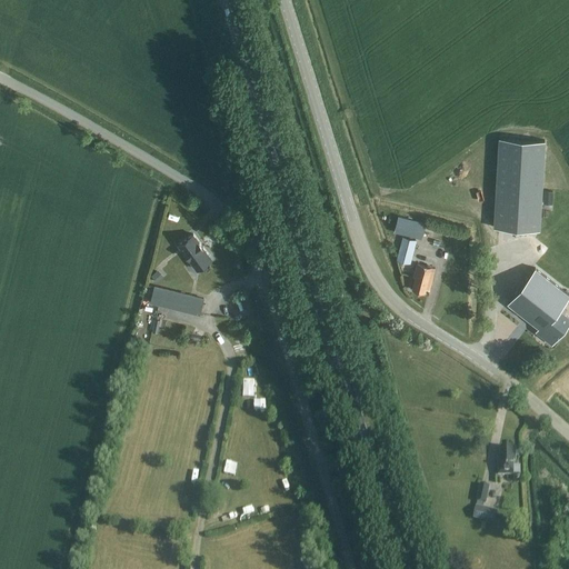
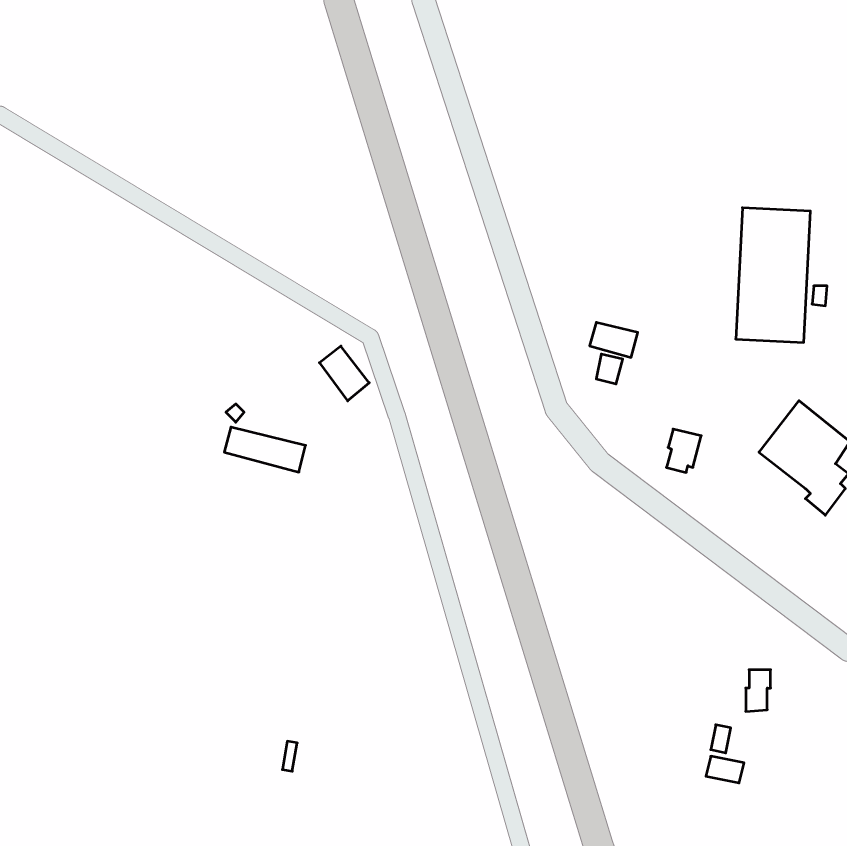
building: [180,236,213,272] -> [319,346,369,401]
building: [413,266,437,295] -> [666,429,701,472]

